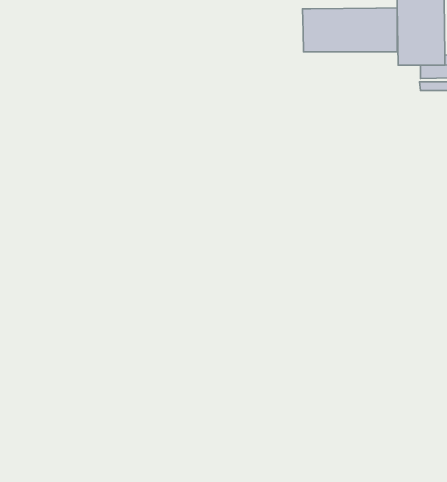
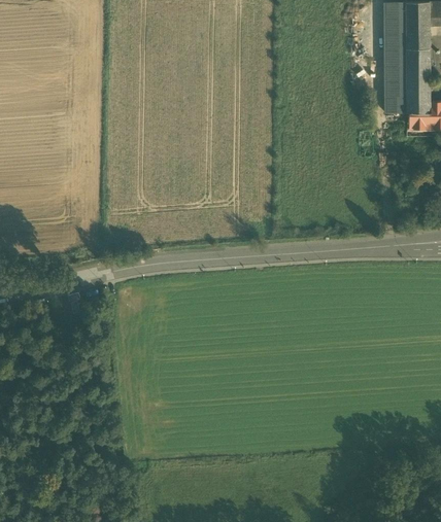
building: [303,8,397,52] -> none

